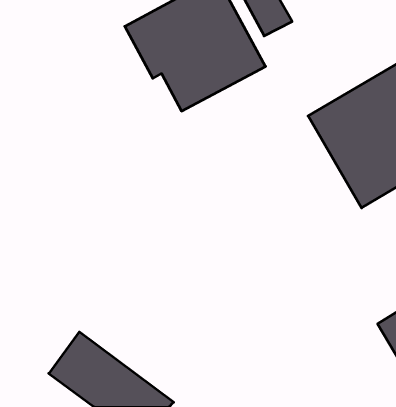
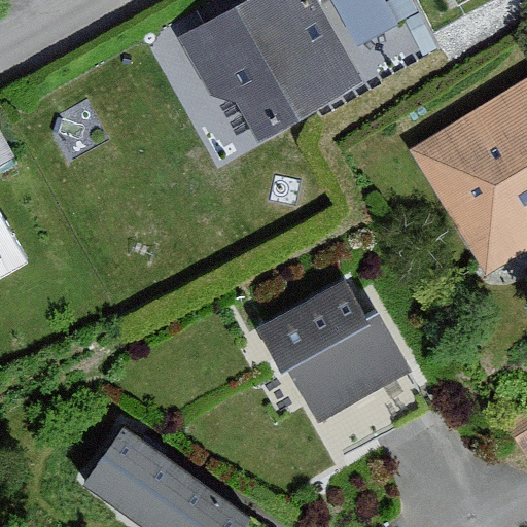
building: none -> [248,280,430,463]

